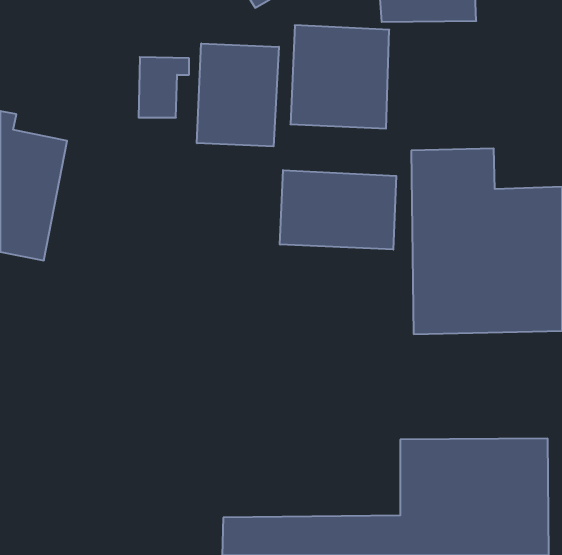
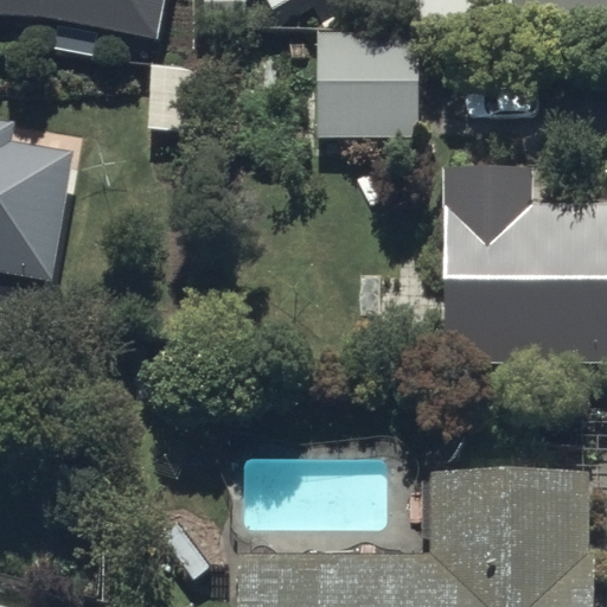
building: [197,43,279,146] -> none
building: [280,170,396,250] -> none

